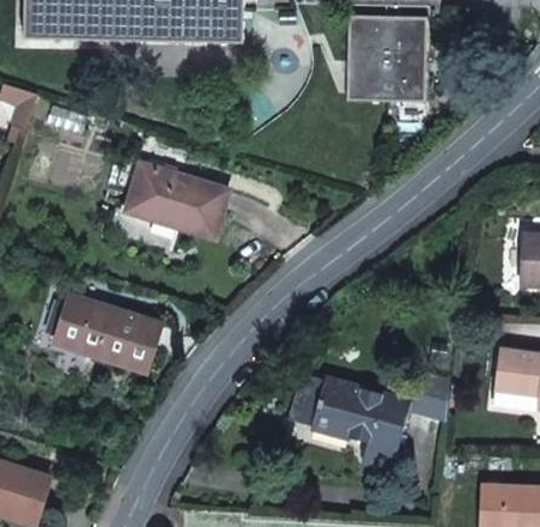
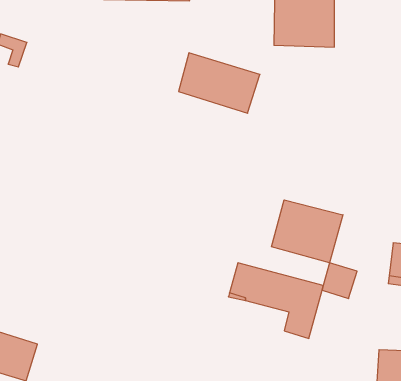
building: [126,162,229,238] -> [179,53,260,113]
building: none -> [272,200,343,263]
building: [54,295,160,371] -> none

